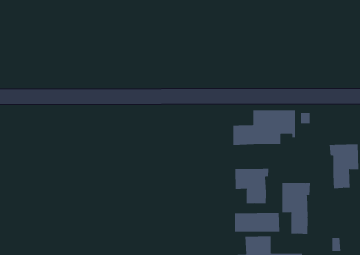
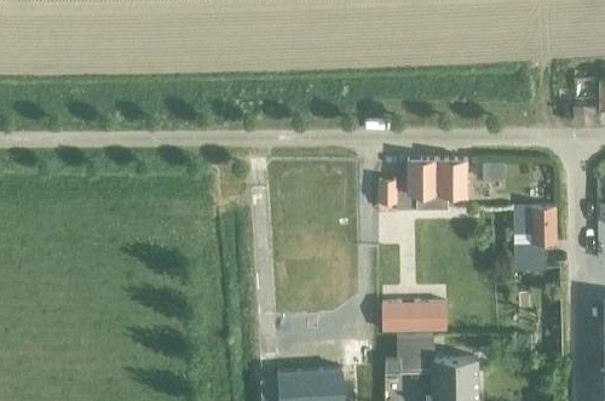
building: [235,168,269,204] -> none
building: [282,182,310,235] -> none

